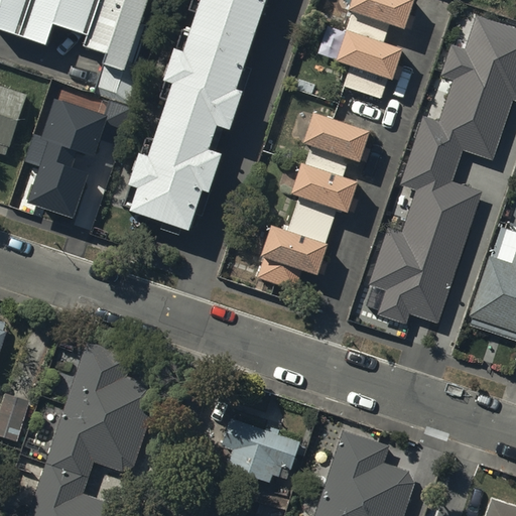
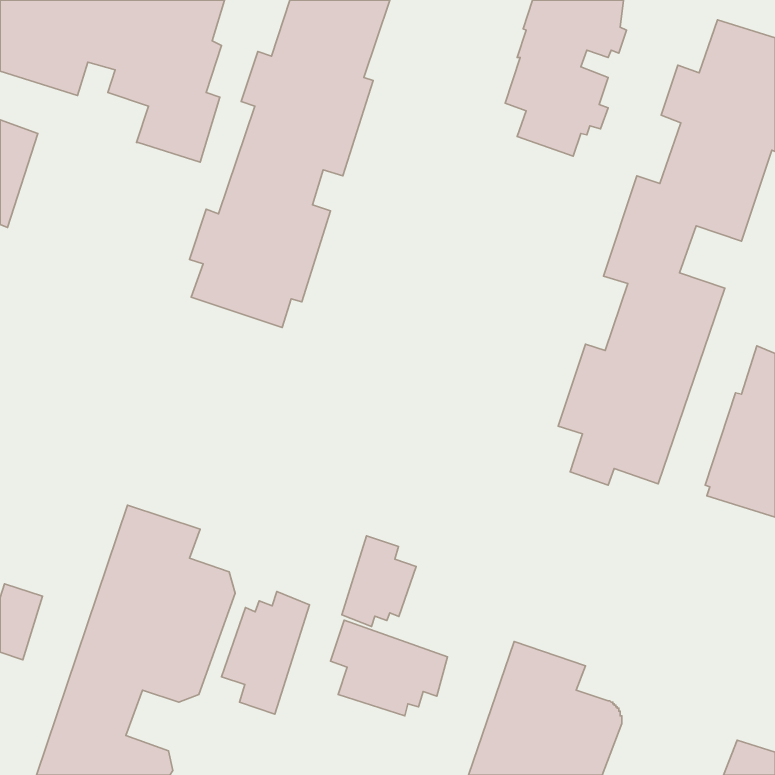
building: [27,98,106,217] -> none
building: [257,114,372,294] -> none
building: none -> [342,536,416,627]
building: none -> [221,591,309,714]

